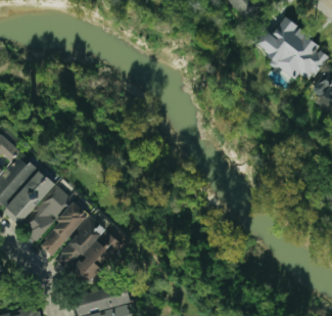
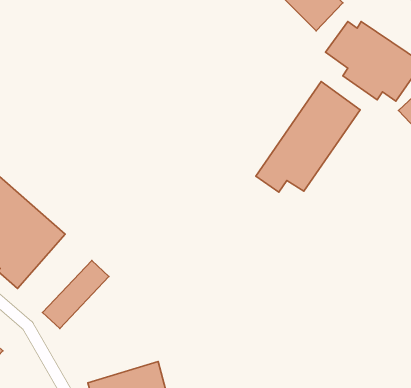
building: none -> [256,82,360,192]
building: [18,185,72,240] -> none
building: [53,218,122,286] -> none

